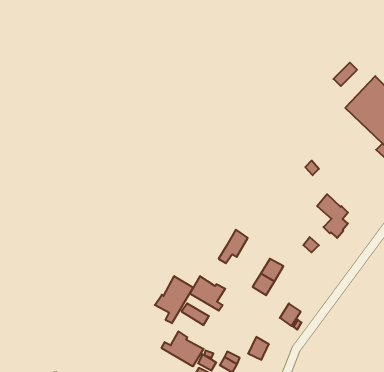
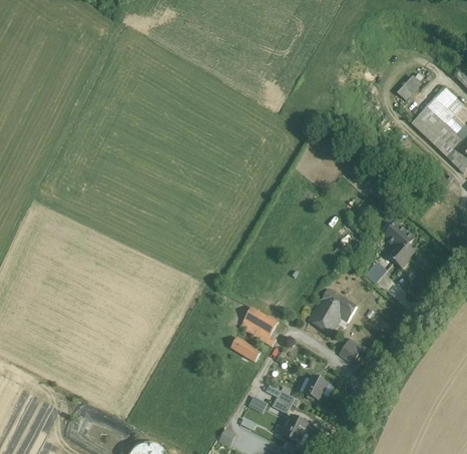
building: [219,230,248,263] -> [324,297,356,334]
building: [155,276,193,323] -> none
building: [162,331,204,366] -> none

